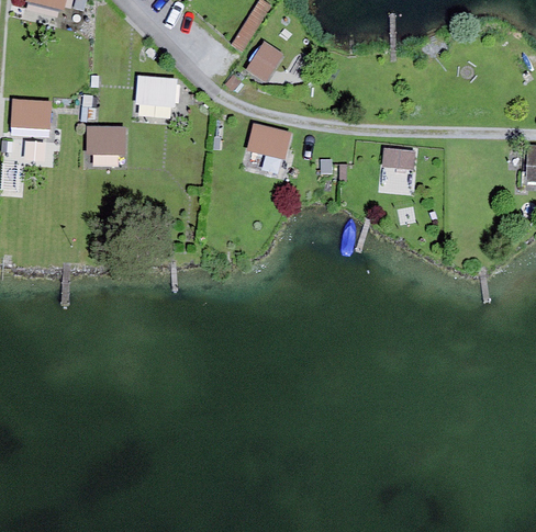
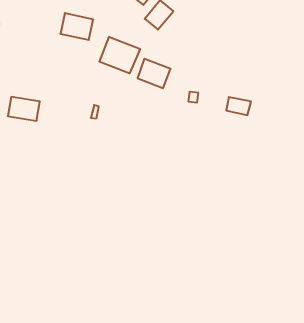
building: none -> [99,37,140,73]
building: [87,126,127,154] -> [8,97,40,121]

